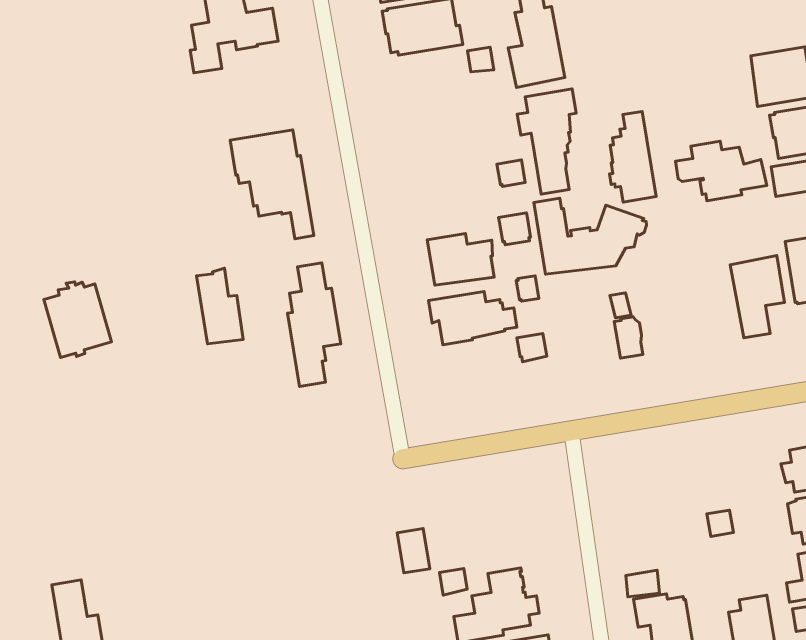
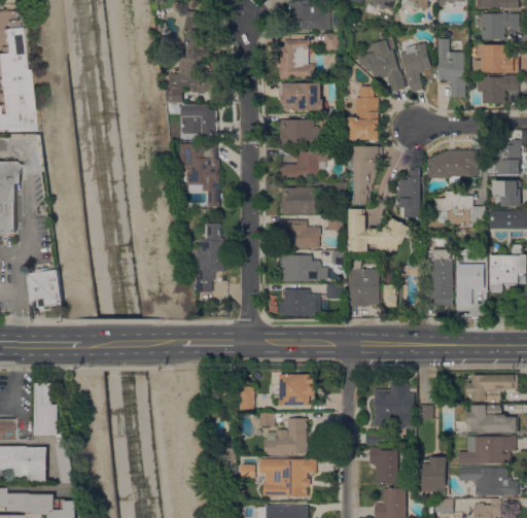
building: none -> [279,119,323,146]
building: none -> [166,104,217,134]
building: none -> [423,150,478,178]
building: none -> [278,152,329,180]
building: none -> [279,187,318,214]
building: none -> [424,250,453,306]
building: [196,268,243,344] -> none
building: [44,282,112,357] -> [27,267,62,310]
building: none -> [349,261,380,307]
building: none -> [279,289,320,316]
building: none -> [372,384,414,427]
building: none -> [271,375,316,406]

